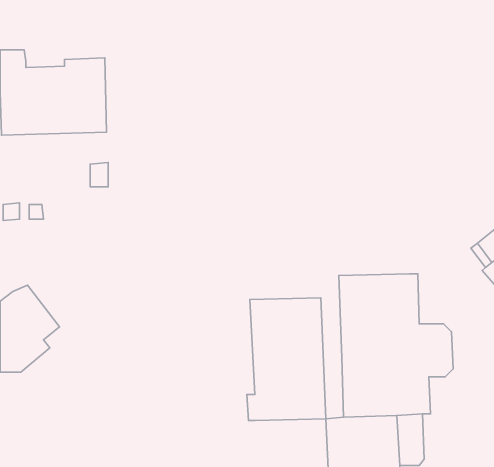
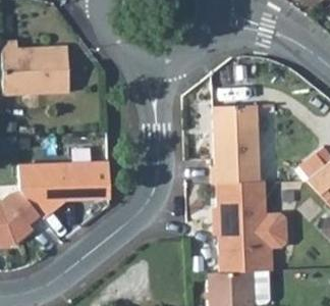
building: none -> [18,162,95,218]
building: [247,298,326,420] -> [211,105,261,183]

